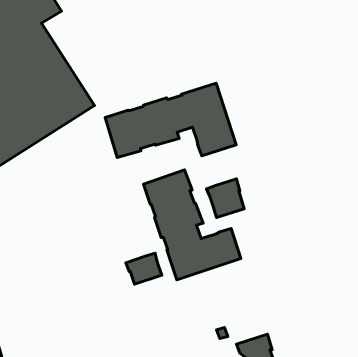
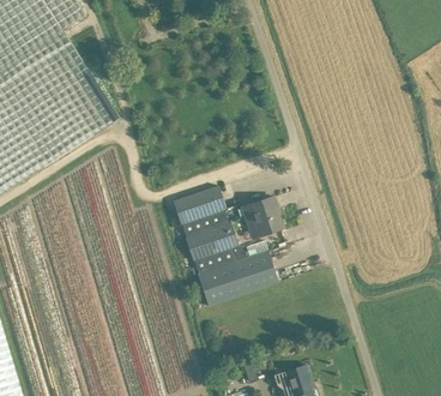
building: [105,83,236,157] -> none
building: [126,253,162,284] -> none

